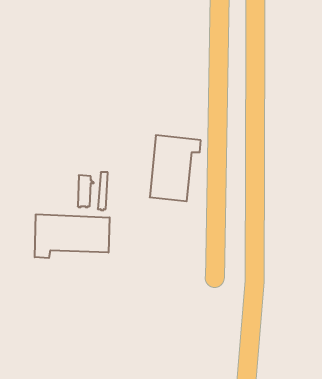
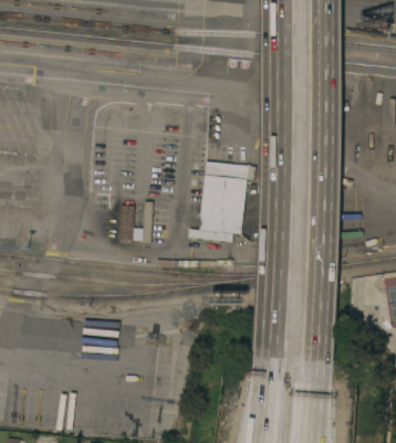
building: [35,214,110,258] -> none

